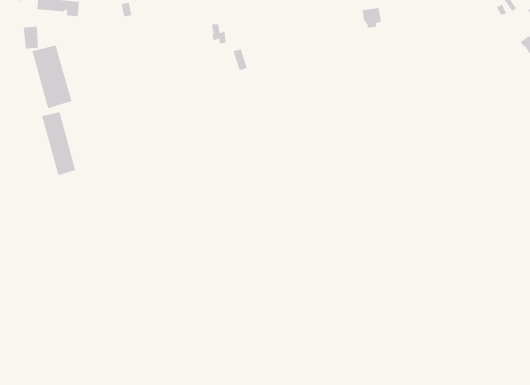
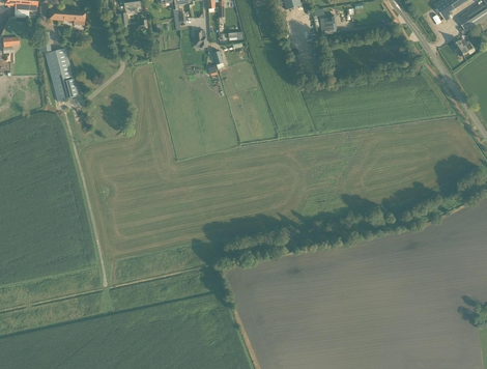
building: [41,111,76,176] -> none

